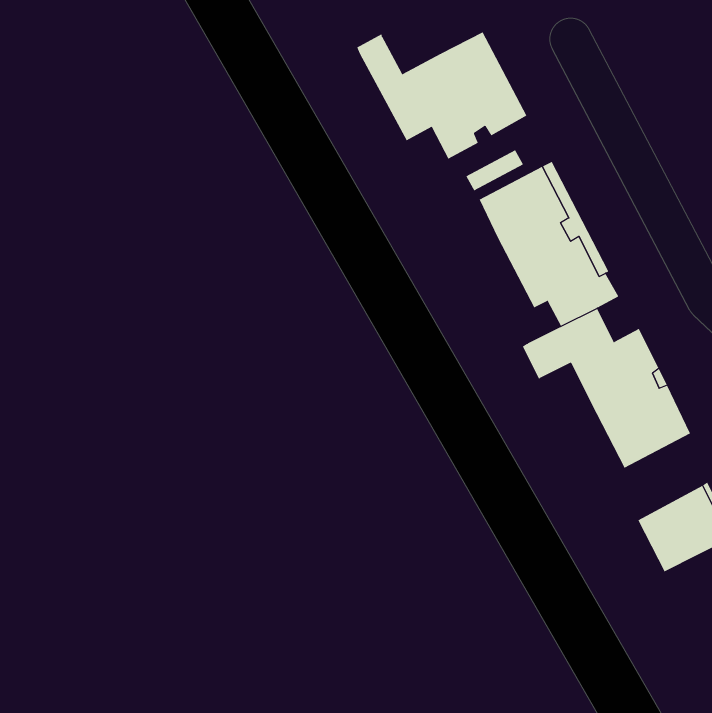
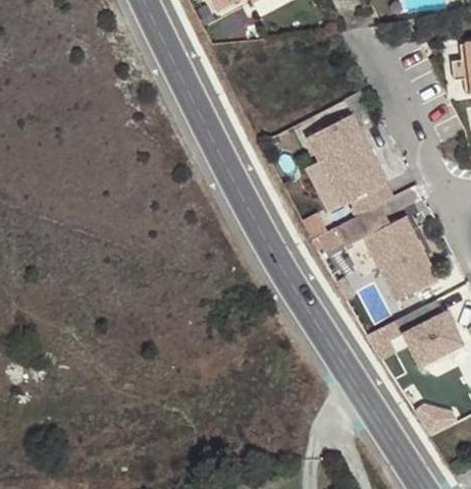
building: [356,31,527,159] -> none

